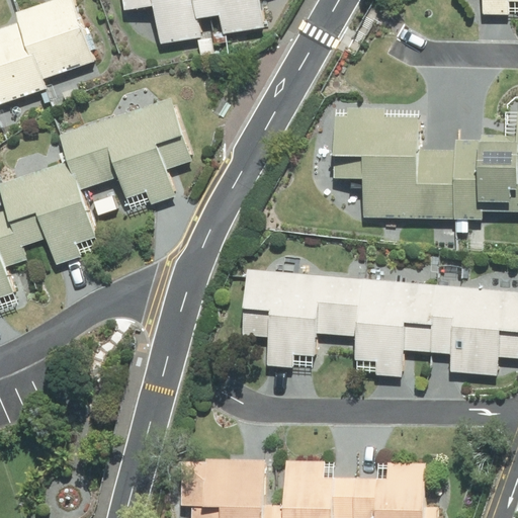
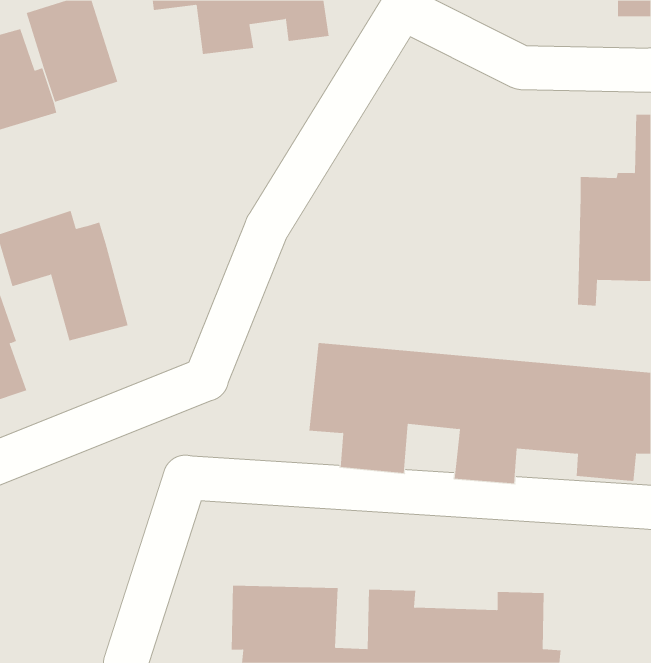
building: [55,98,190,211] -> none
building: [332,107,452,238] -> none

